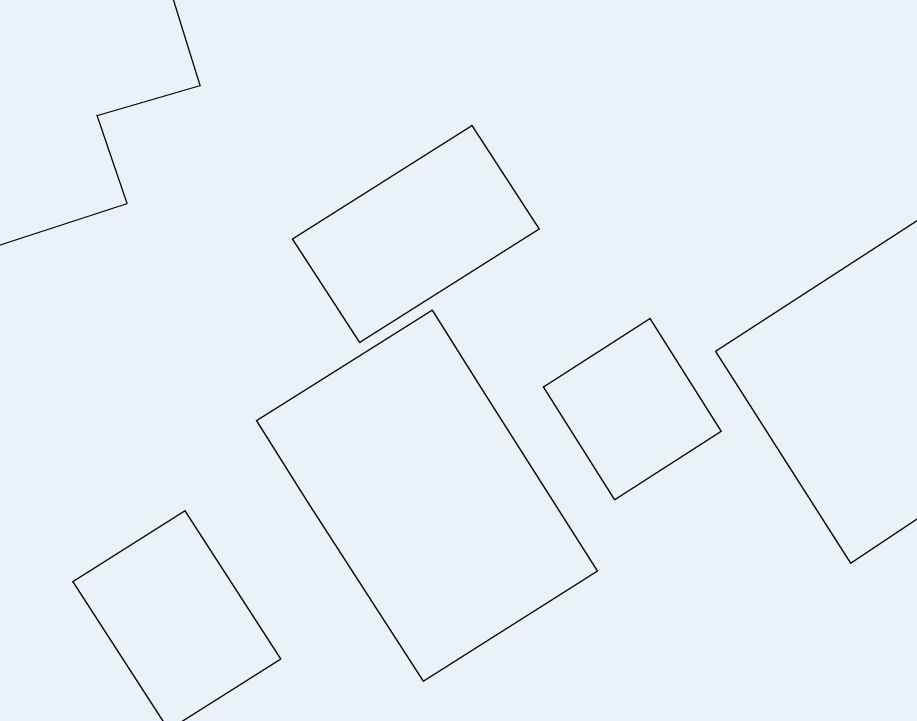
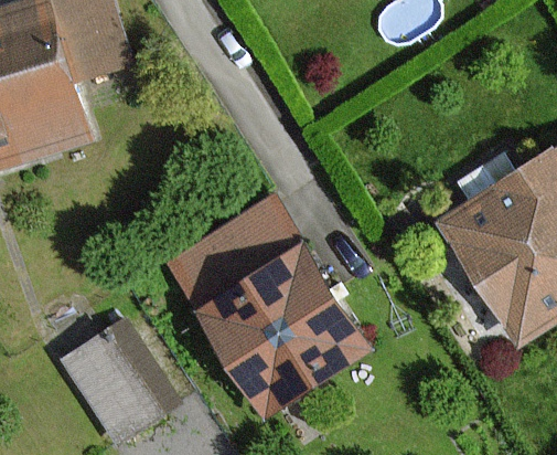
building: [293,125,539,343] -> none
building: [543,318,721,500] -> none

